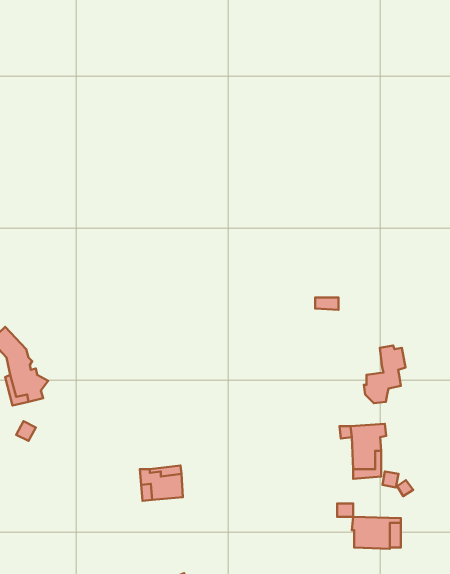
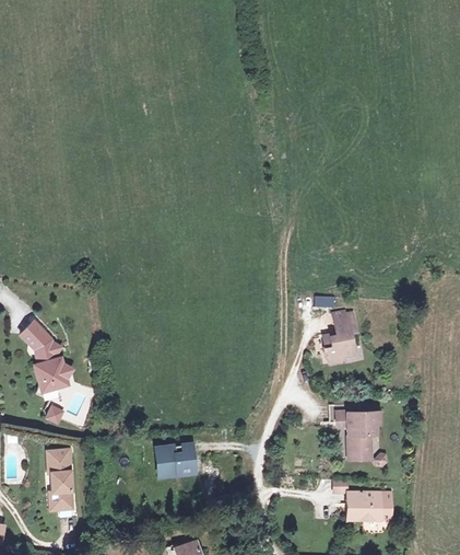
building: [364,345,406,403] -> [319,310,356,361]
building: none -> [47,451,73,510]

